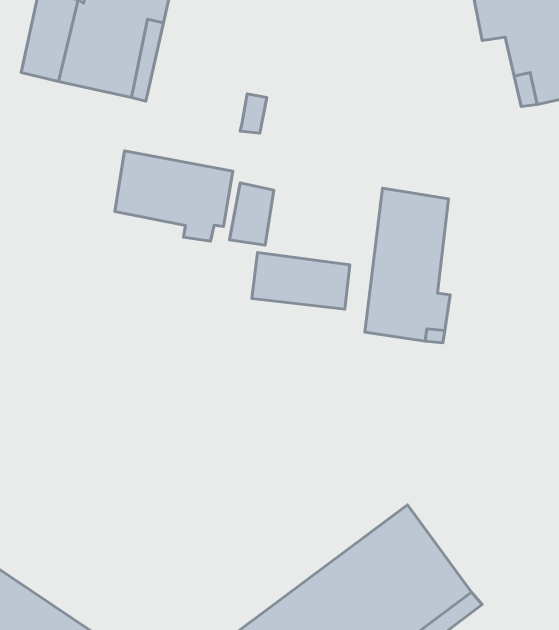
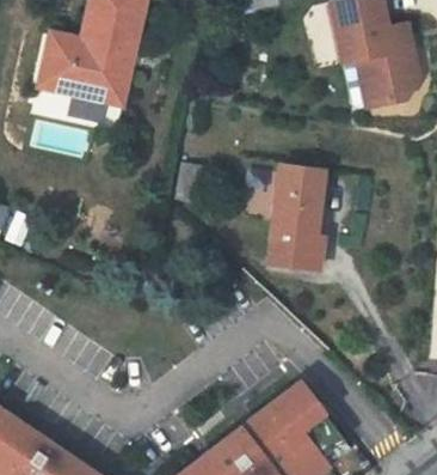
building: [115,151,233,241] -> none
building: [252,253,350,309] -> none

